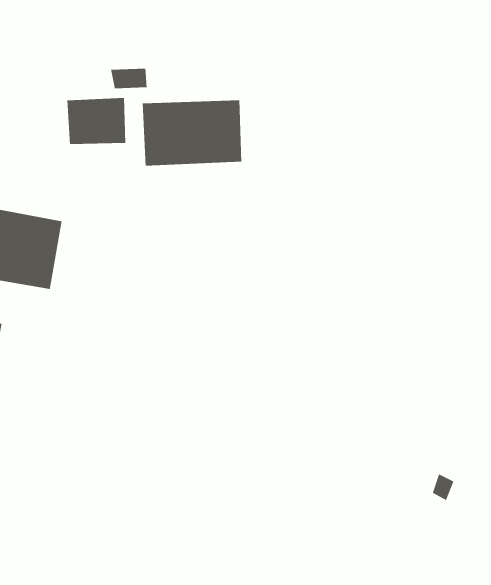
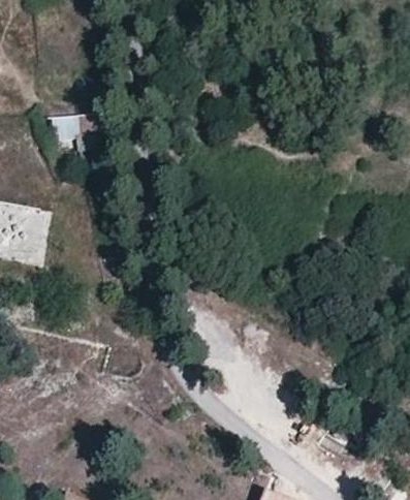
building: [142,100,242,167] -> none

